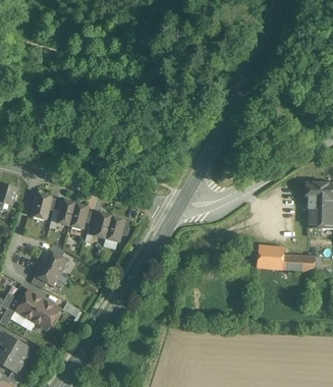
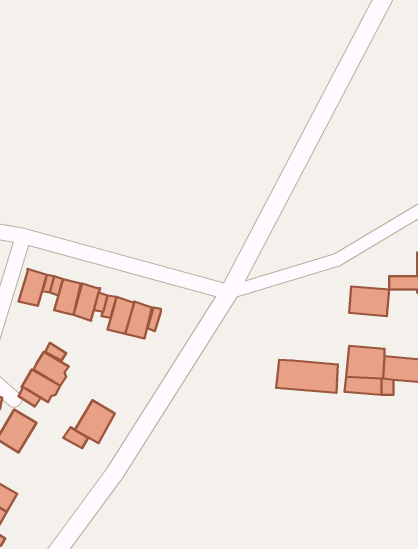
building: none -> [349,286,389,316]
building: none -> [276,360,338,393]
building: [31,298,58,328] -> [75,400,115,443]

